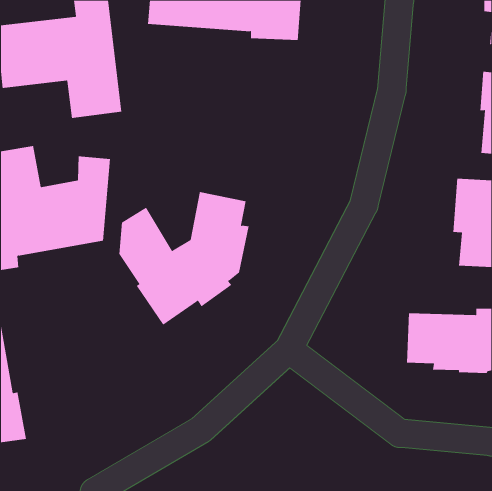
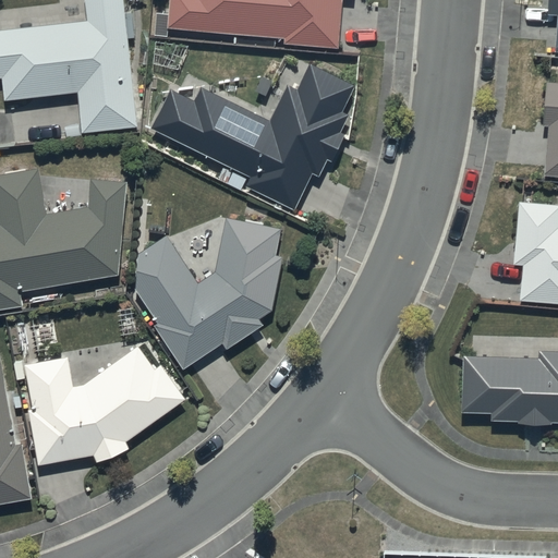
building: none -> [149,63,353,210]
building: none -> [22,344,184,465]

